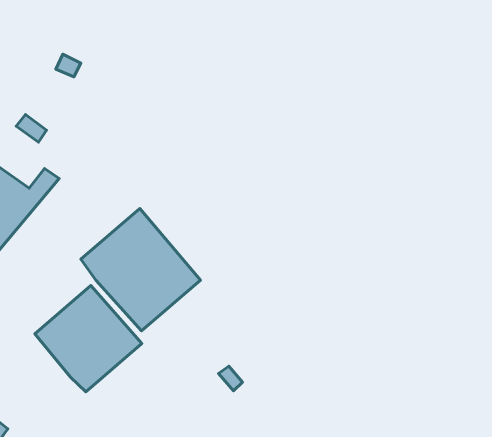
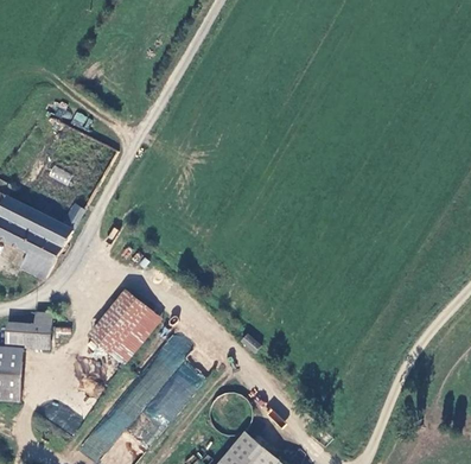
building: [81,209,200,331] -> none

